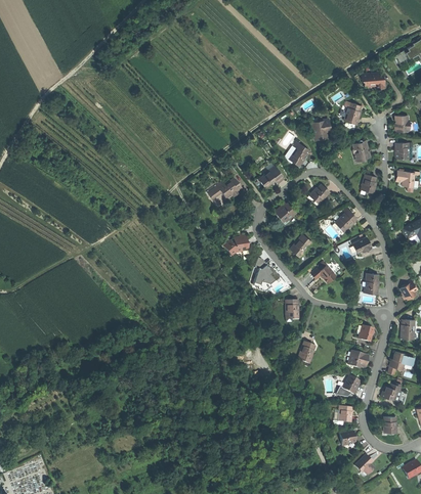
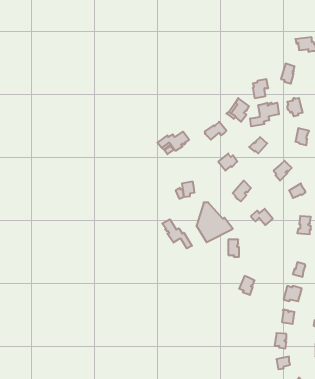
building: none -> [250,103,279,126]
building: none -> [162,219,192,248]

